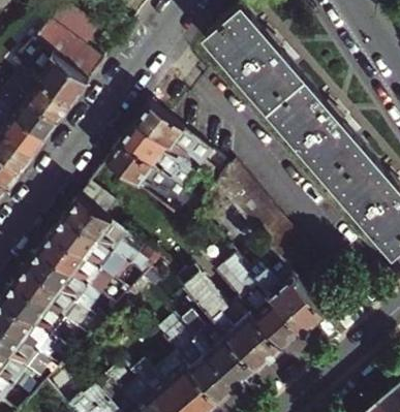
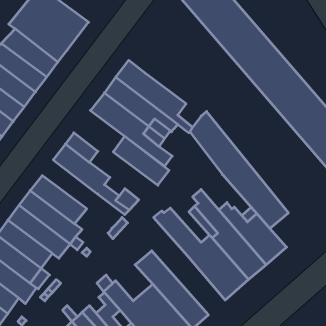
building: [52,218,114,273] -> [113,136,169,185]
building: [174,309,255,390] -> none

